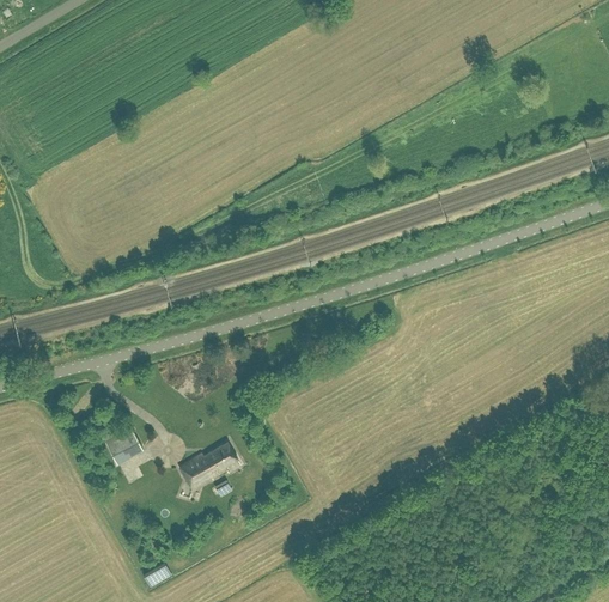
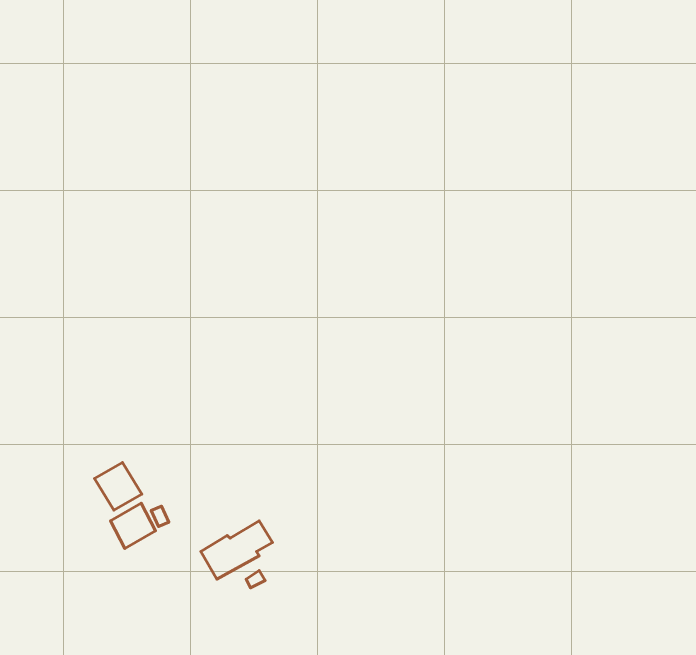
building: none -> [95,463,142,510]

